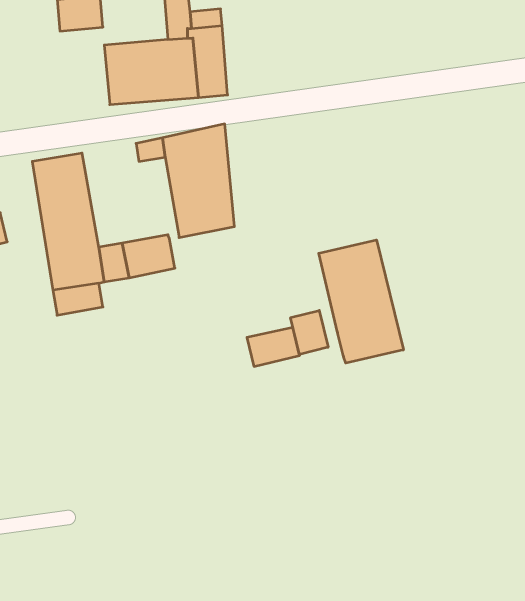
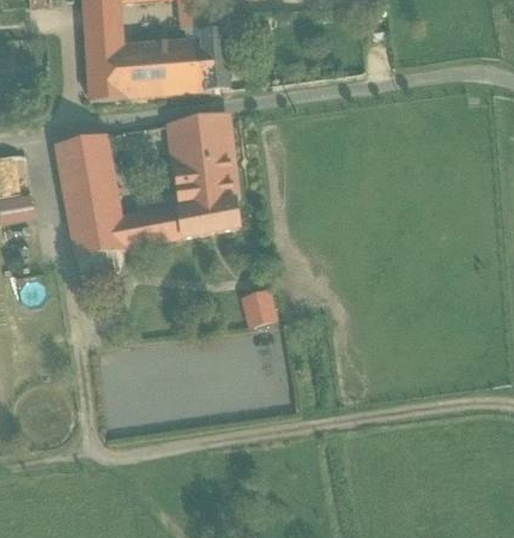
building: none -> [84,29,127,99]
building: none -> [179,201,238,237]
building: [319,240,403,363] -> none
building: [291,310,328,354] -> none

